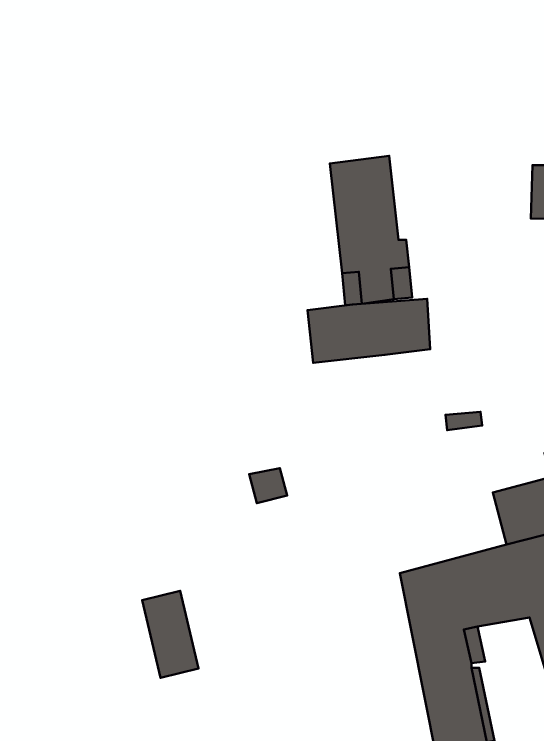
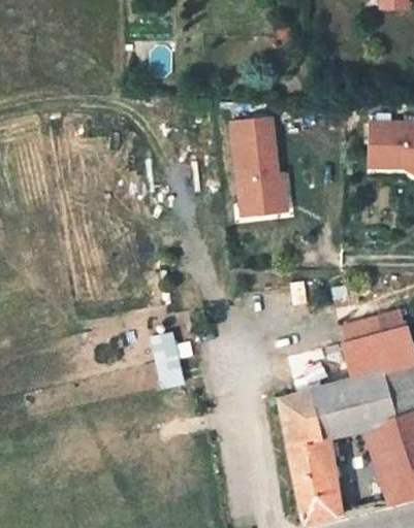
building: [307,299,430,363] -> none
building: [142,591,198,678] -> [149,331,187,390]

